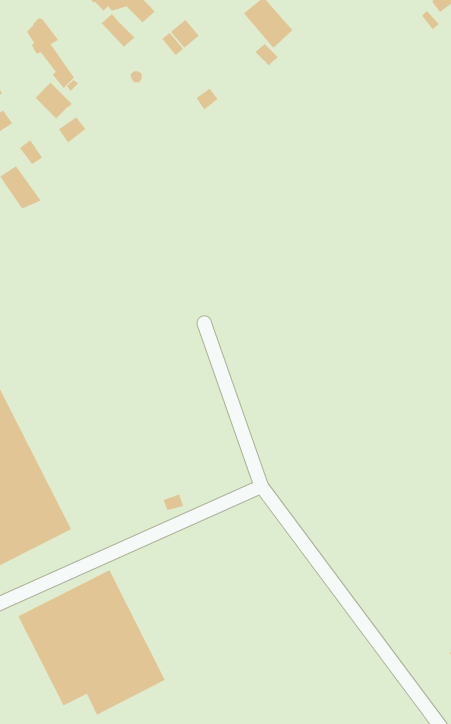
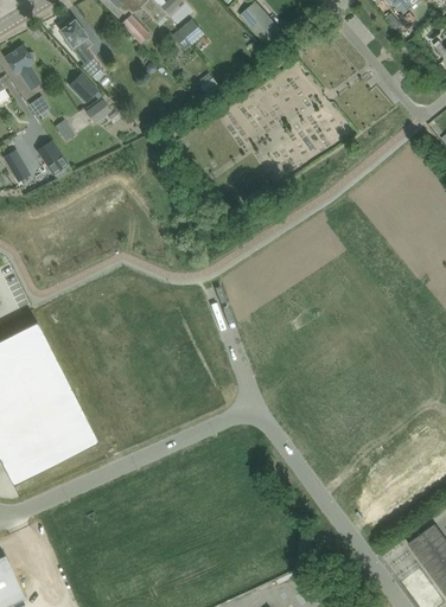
building: [17,569,166,716] -> none

